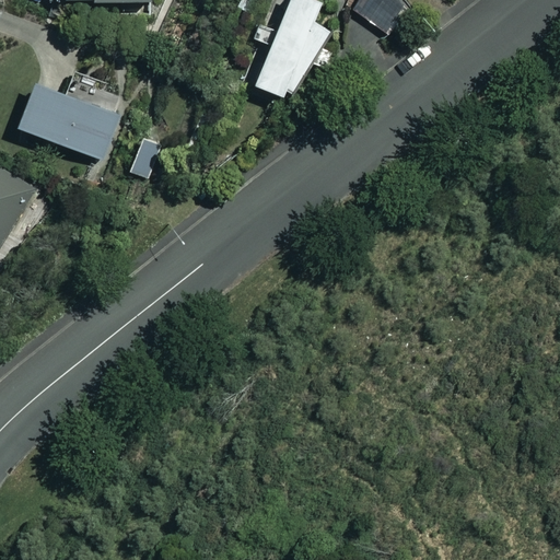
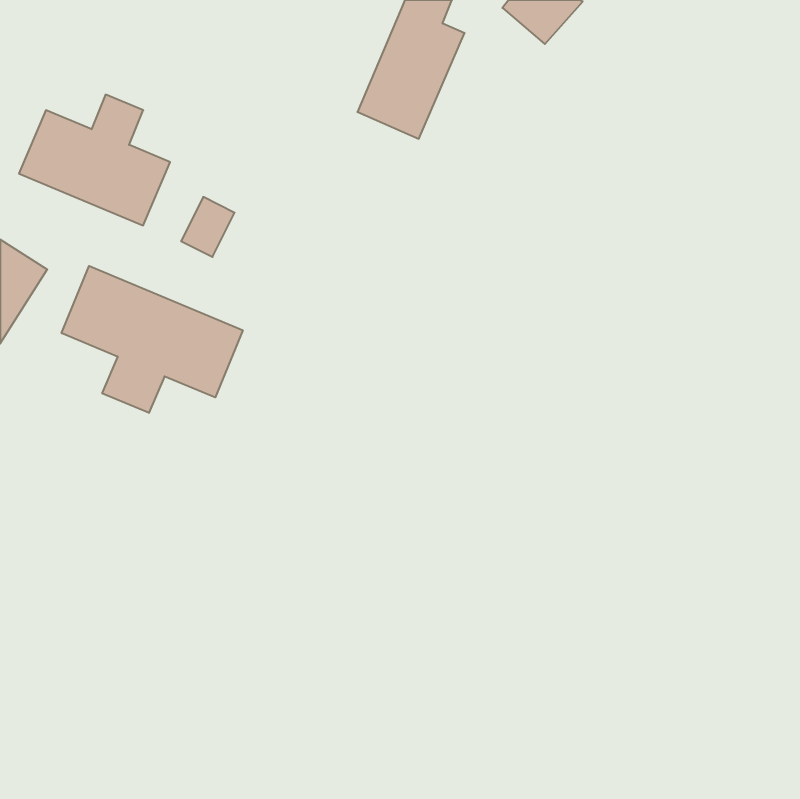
building: none -> [62,266,243,413]

